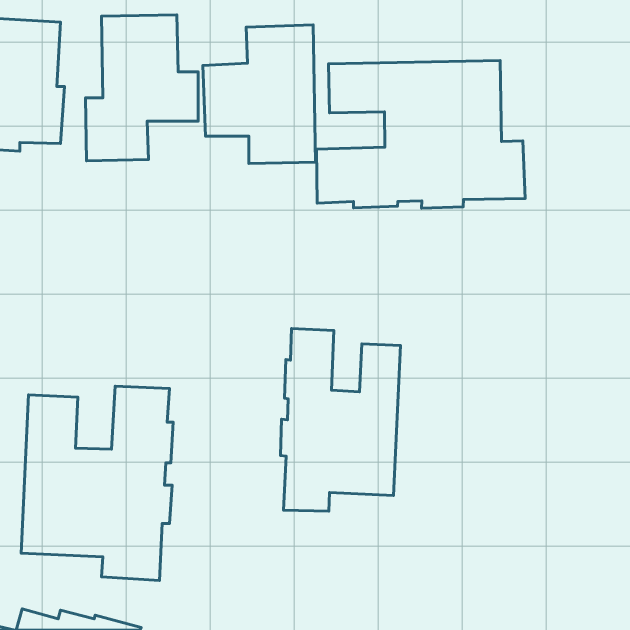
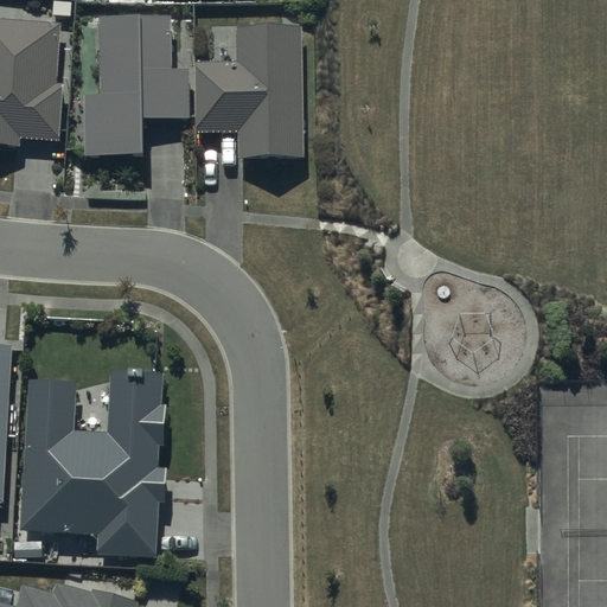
building: [316,61,525,208] -> none
building: [280,328,400,511] -> none

